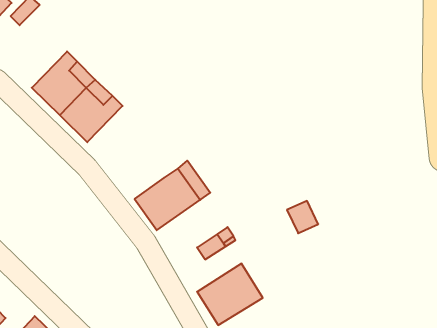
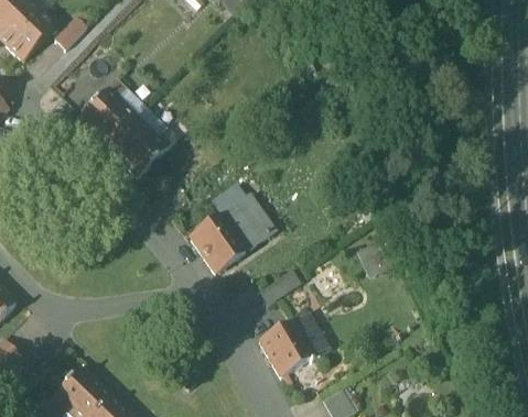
building: none -> [211,182,247,216]

